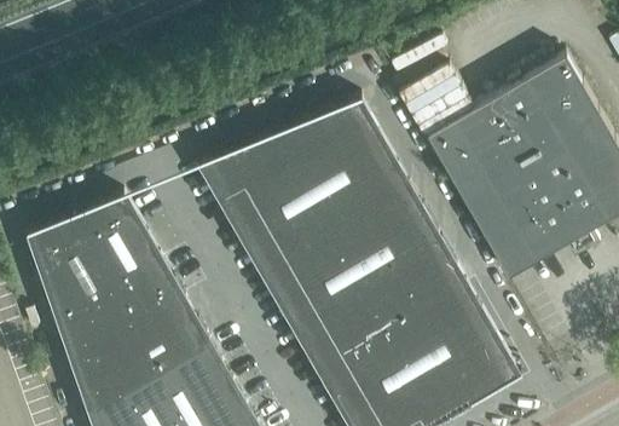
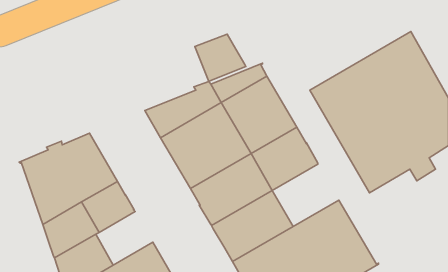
building: none -> [195,34,246,81]
building: [375,238,467,324] -> none
building: [132,304,210,378] -> none

